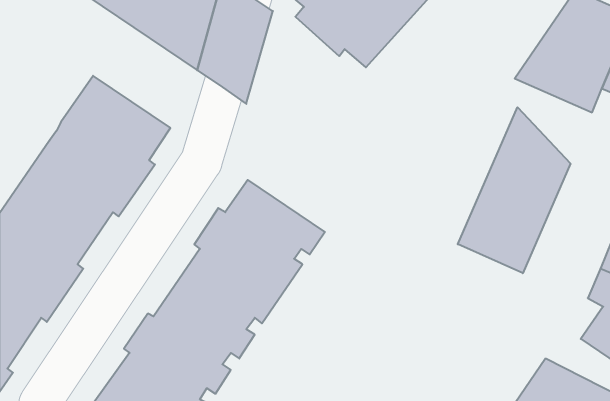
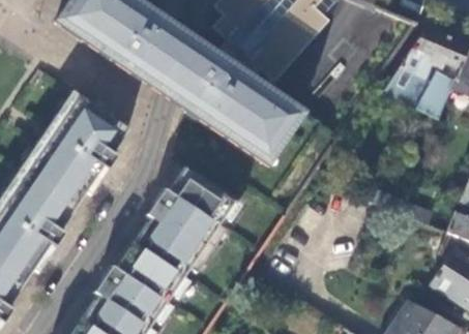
building: none -> [184,42,303,166]
building: [458,107,570,273] -> none

